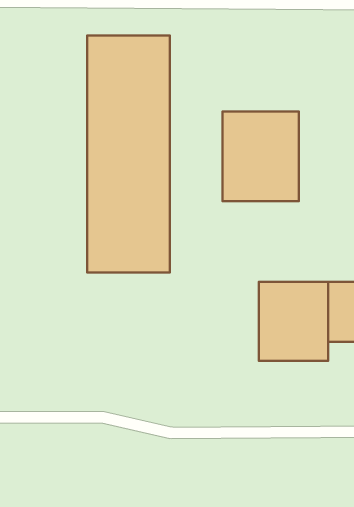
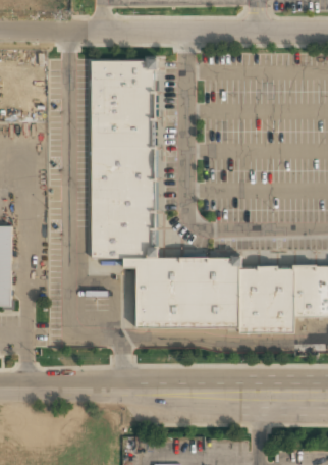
building: [222,112,299,201] -> none
building: none -> [120,260,233,328]

